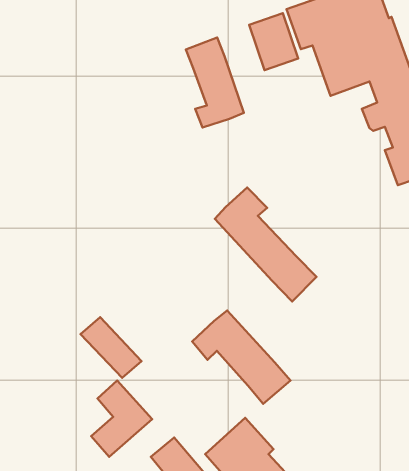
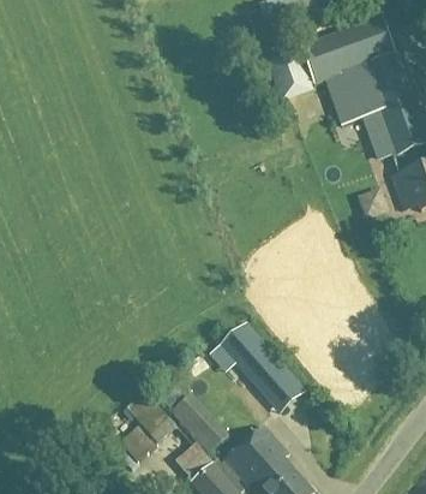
building: [186,37,244,128] -> none
building: [215,188,316,301] -> none
building: [81,317,141,378] -> [169,394,226,451]

